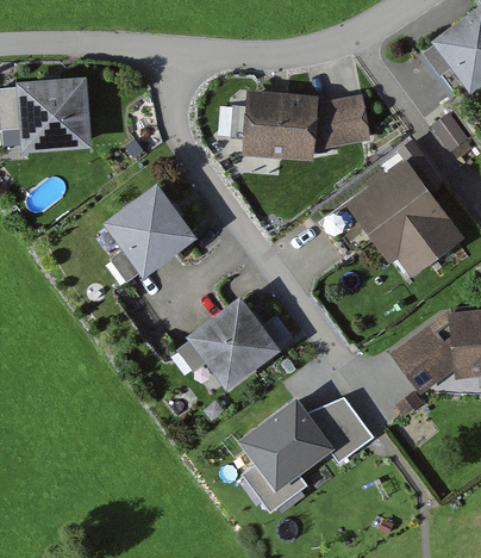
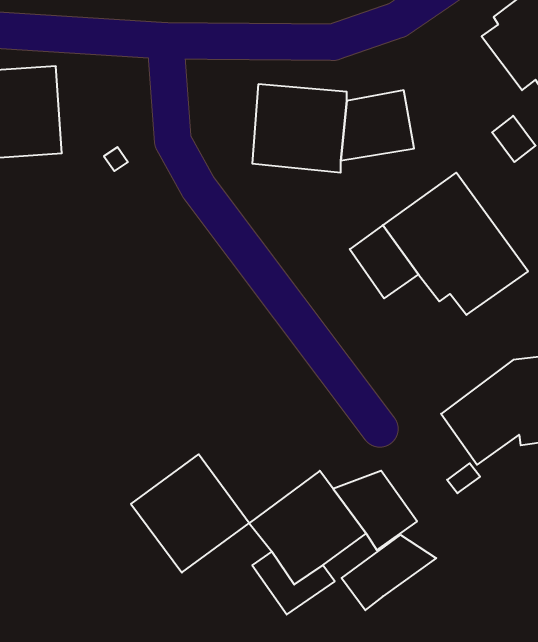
building: [104,185,196,277] -> none
building: [187,293,281,388] -> [131,454,249,573]
building: none -> [342,535,436,610]

